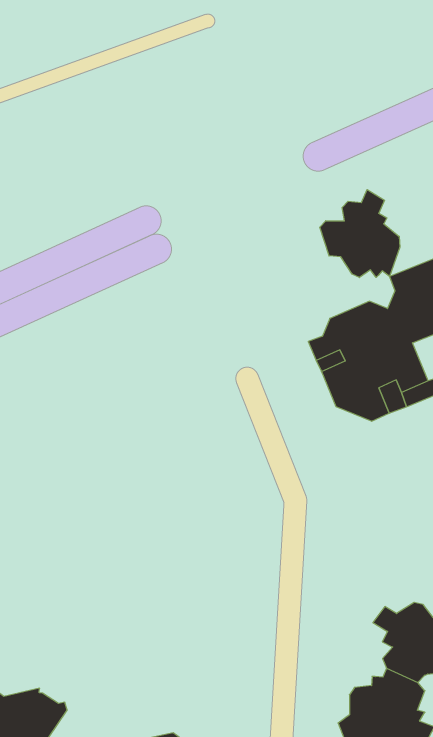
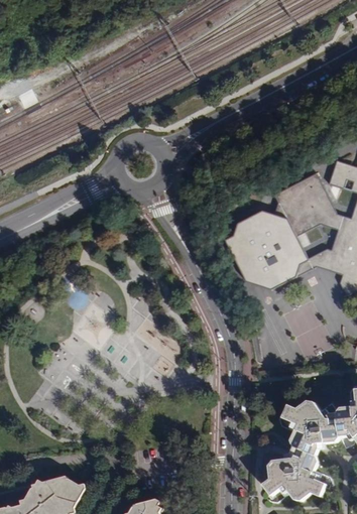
building: [320,190,400,278] -> none

